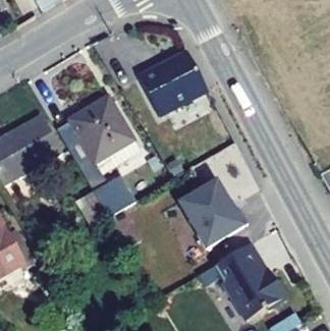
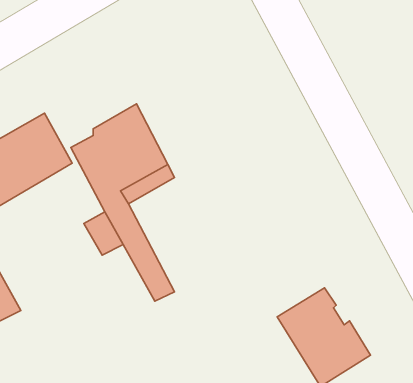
building: [135,50,205,115] -> none
building: [182,179,252,252] -> none

